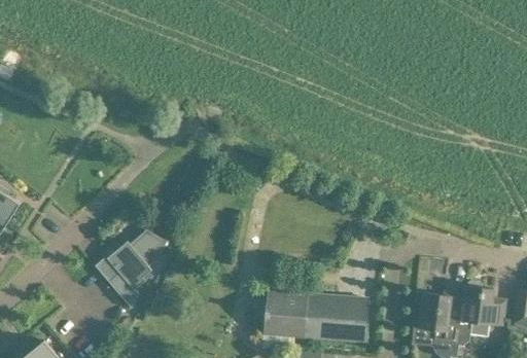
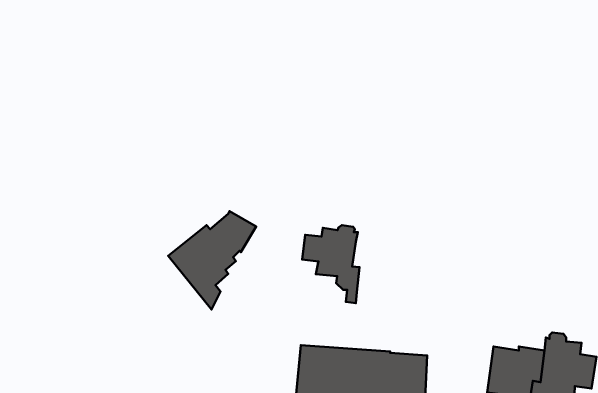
building: none -> [302,225,360,303]
building: [96,230,167,310] -> [168,211,256,310]

